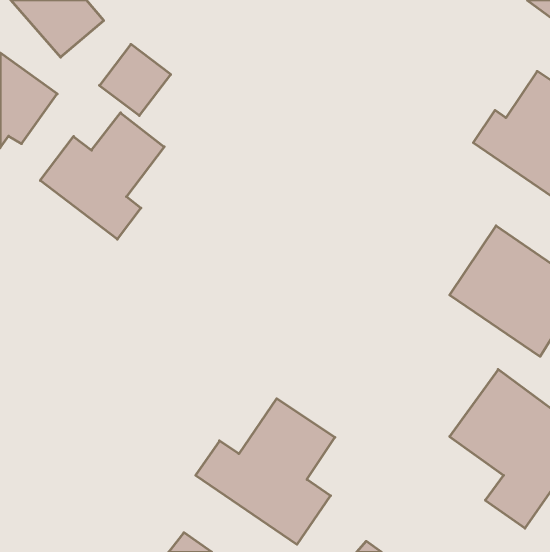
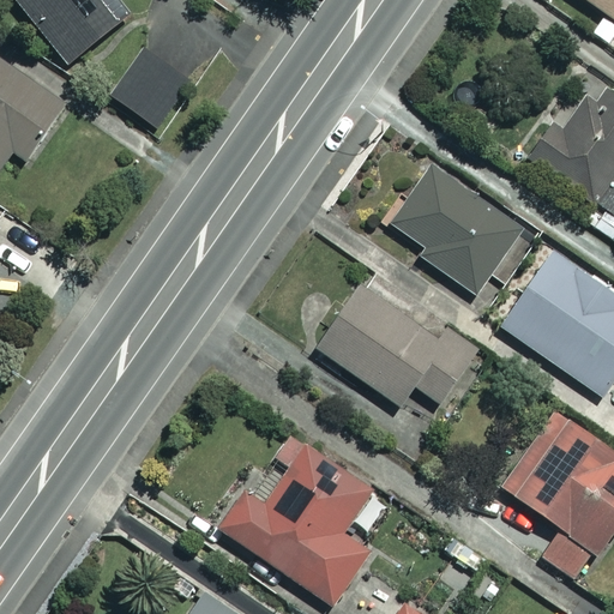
building: [40,113,164,239] -> none
building: none -> [392,165,523,295]
building: none -> [314,281,470,404]

